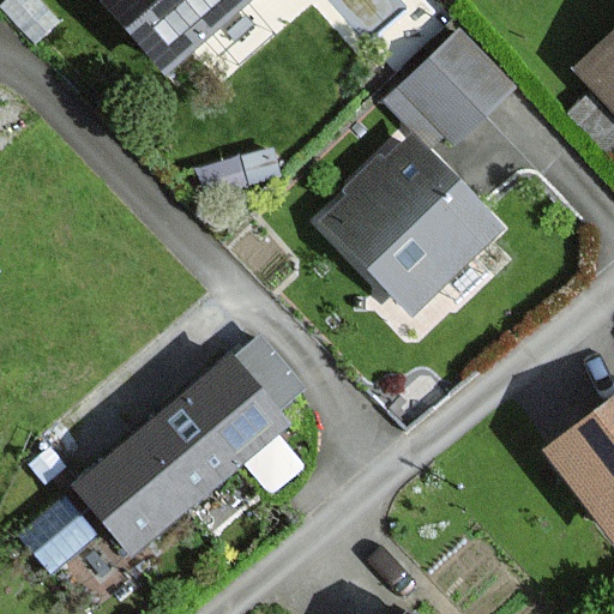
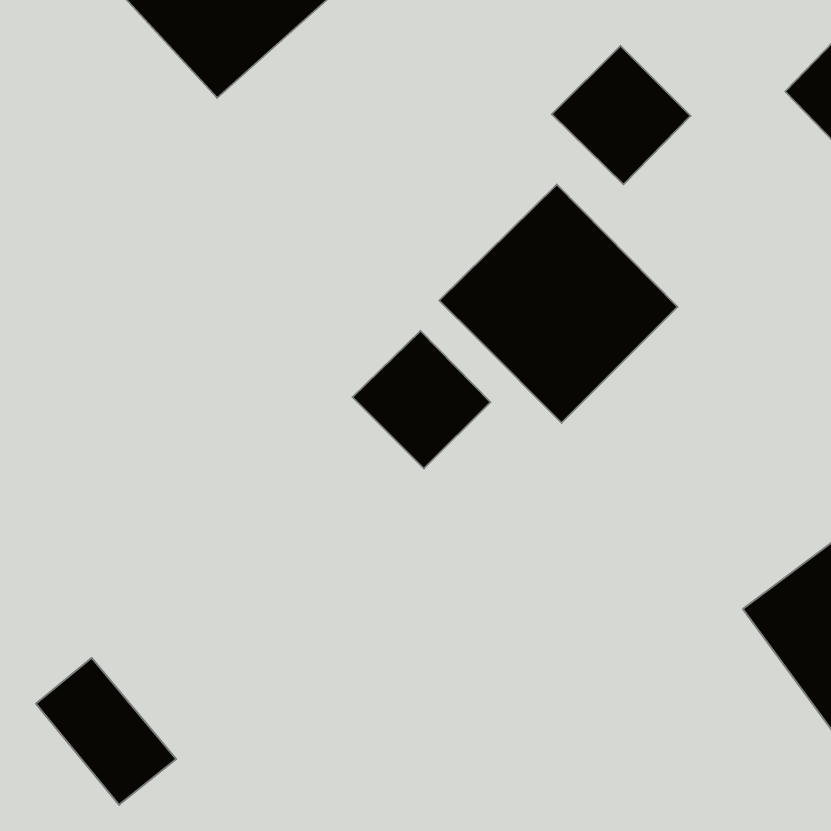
building: none -> [352,331,490,469]
building: [77,357,285,549] -> none

